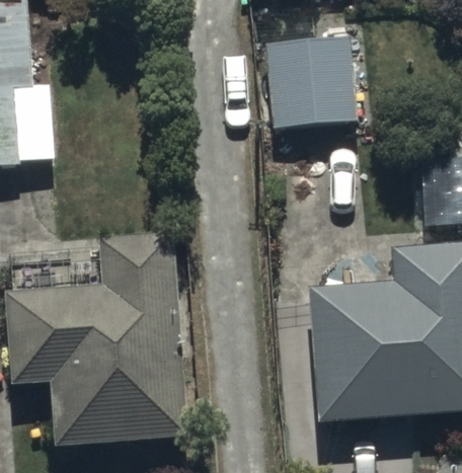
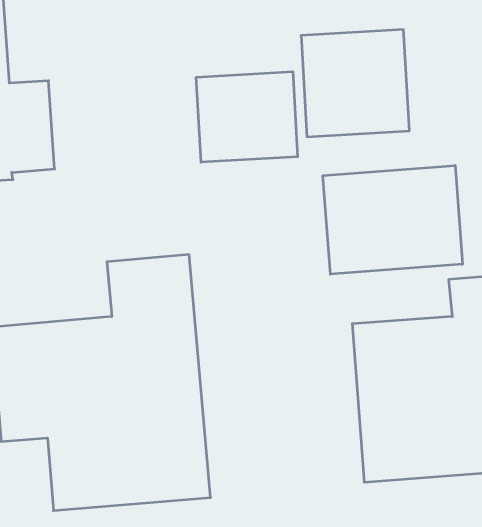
building: none -> [196,72,298,162]
building: none -> [323,165,462,274]

